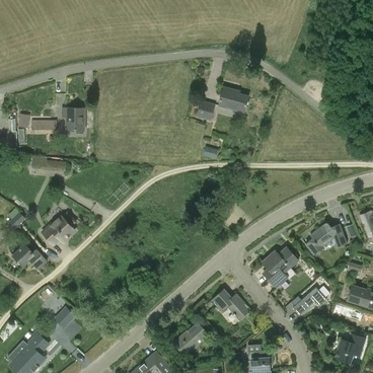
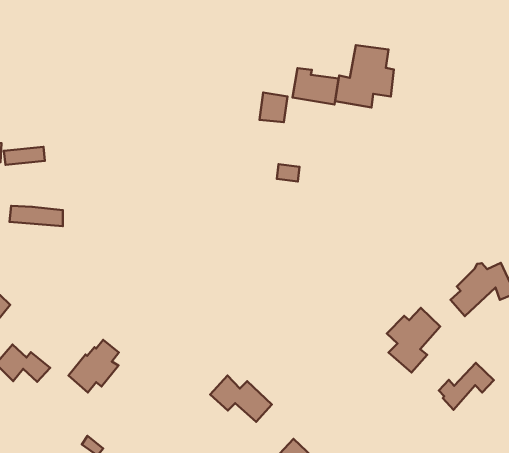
building: none -> [335,45,394,107]
building: [62,107,85,129] -> none
building: [42,212,75,244] -> [68,340,119,393]
building: [212,288,250,319] -> [210,375,272,422]

